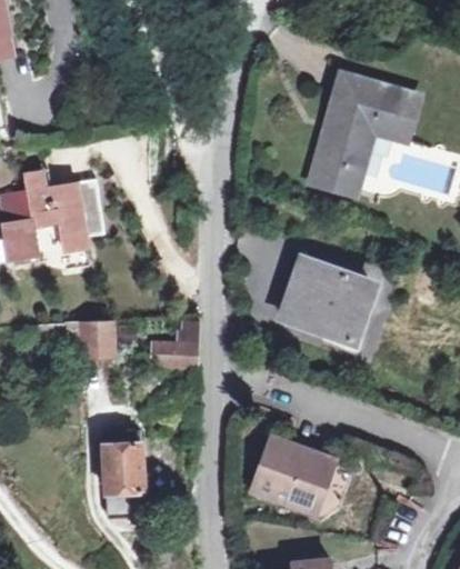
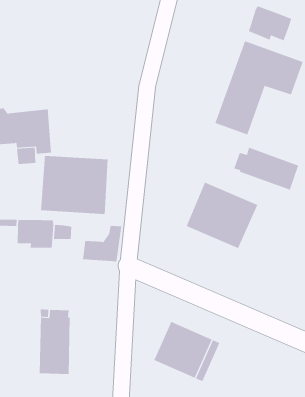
building: none -> [248,6,292,41]
building: none -> [233,147,299,191]
building: none -> [41,155,108,215]

